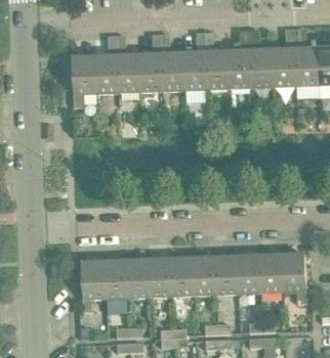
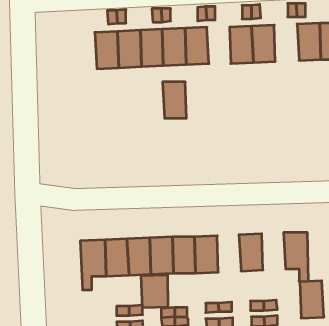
building: [273,49,297,86] -> none
building: [206,52,230,88] -> [163,82,186,118]
building: [72,57,97,106] -> none
building: [260,255,284,292] -> [300,281,324,318]
building: [216,257,240,294] -> none
building: none -> [141,275,168,308]

